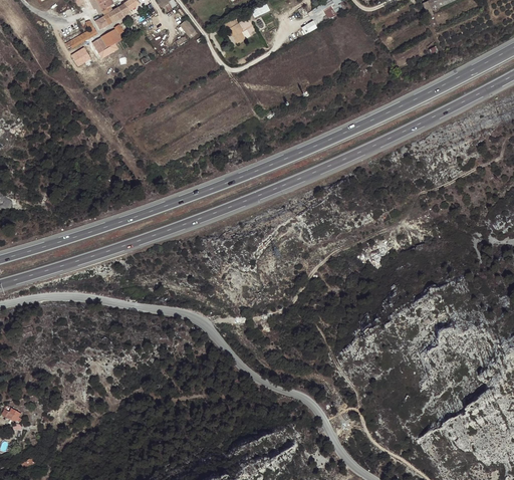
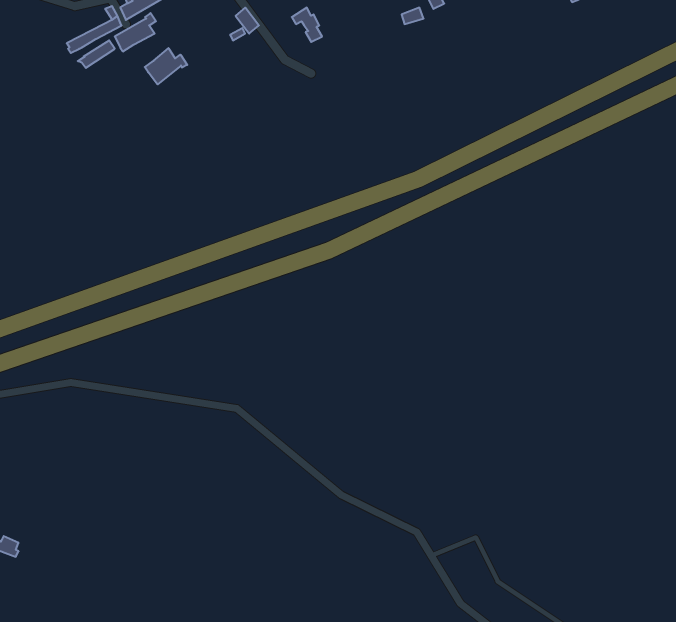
building: none -> [145,48,187,84]

